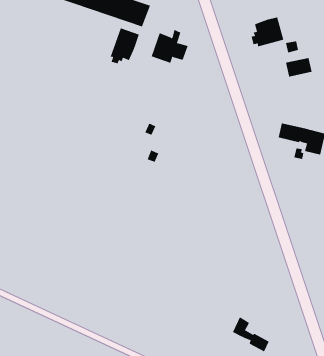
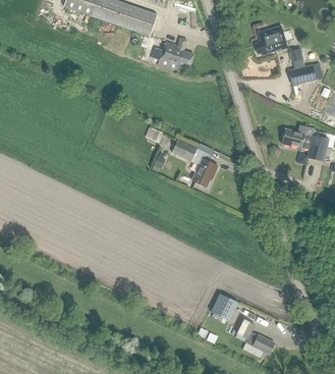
building: [110,27,139,64] -> none
building: none -> [172,139,217,185]
building: none -> [210,293,239,321]

